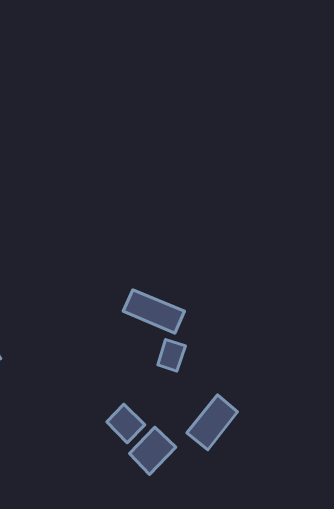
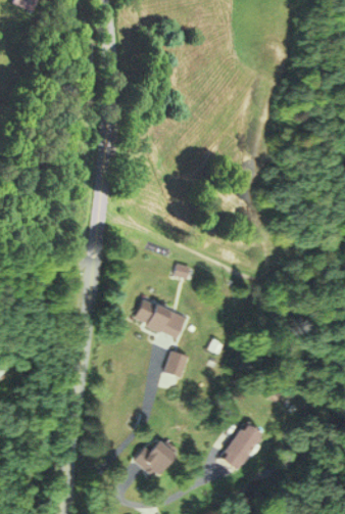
building: [187,395,237,450] -> [214,426,263,479]
building: [107,404,145,443] -> none

